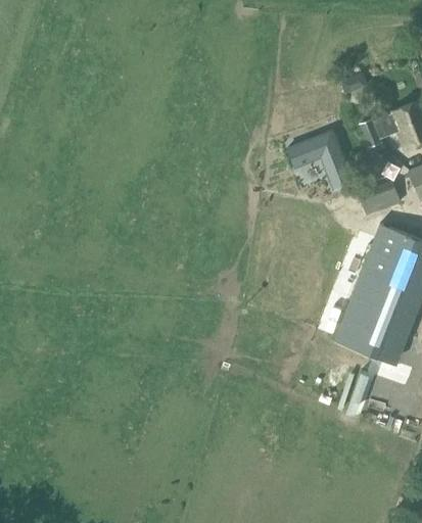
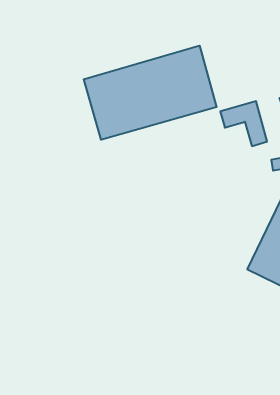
building: none -> [84,46,217,140]

